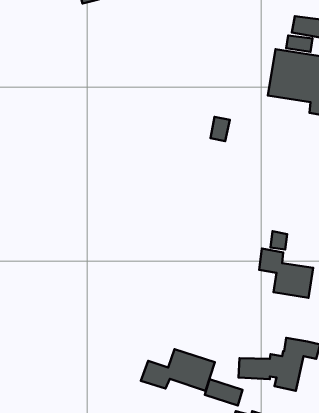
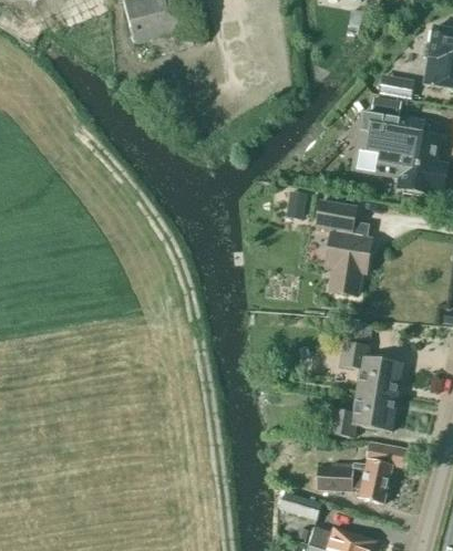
building: none -> [313,199,370,294]
building: none -> [329,391,397,437]
building: [141,349,215,391] -> none

